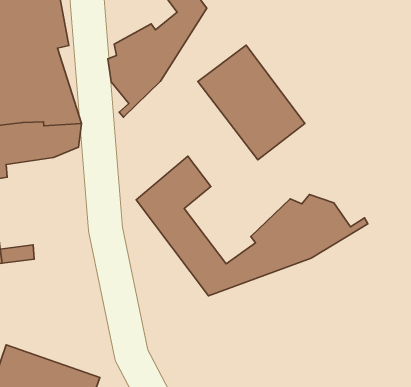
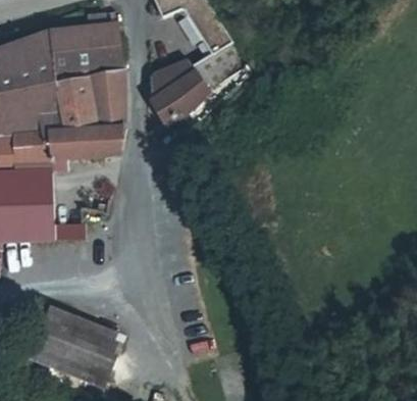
building: [198,45,305,160] -> none
building: [136,156,368,296] -> none

